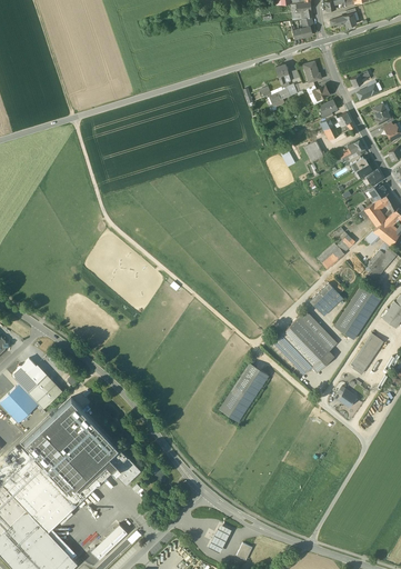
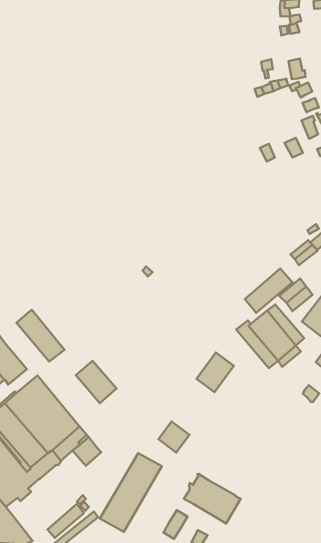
building: none -> [245,268,292,313]
building: none -> [17,310,64,362]
building: none -> [76,361,117,403]
building: [219,390,250,421] -> [158,421,190,453]
building: none -> [100,453,162,532]
building: none -> [184,474,241,524]

